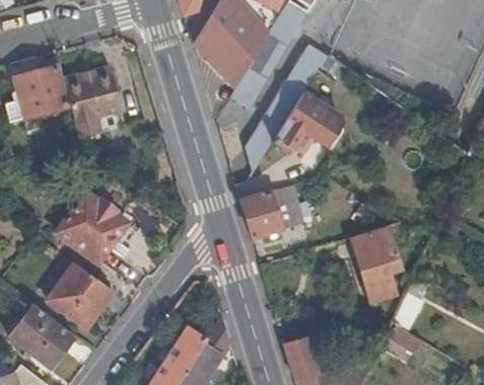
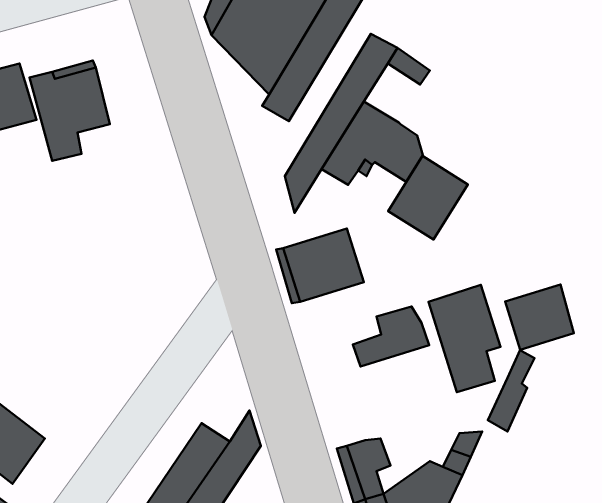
building: none -> [388,156,468,240]
building: [56,192,127,262] -> none
building: none -> [505,284,574,350]
building: none -> [353,307,429,367]
building: [47,263,113,329] -> none

